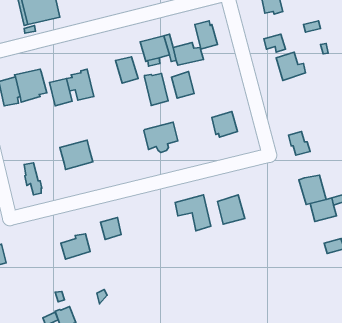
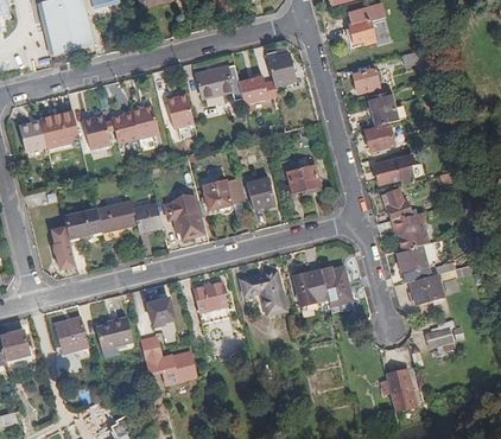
building: [172,72,194,98] -> [243,177,272,210]
building: [144,73,168,106] -> [129,106,159,146]
building: none -> [364,122,393,149]
building: none -> [373,153,413,183]
building: none -> [163,196,202,238]
building: none -> [132,203,160,230]
building: none -> [62,209,101,238]
building: none -> [392,210,429,247]
building: none -> [319,266,351,312]
building: none -> [194,281,229,320]
building: none -> [53,314,88,351]
building: none -> [141,335,197,382]
building: none -> [386,370,418,413]

